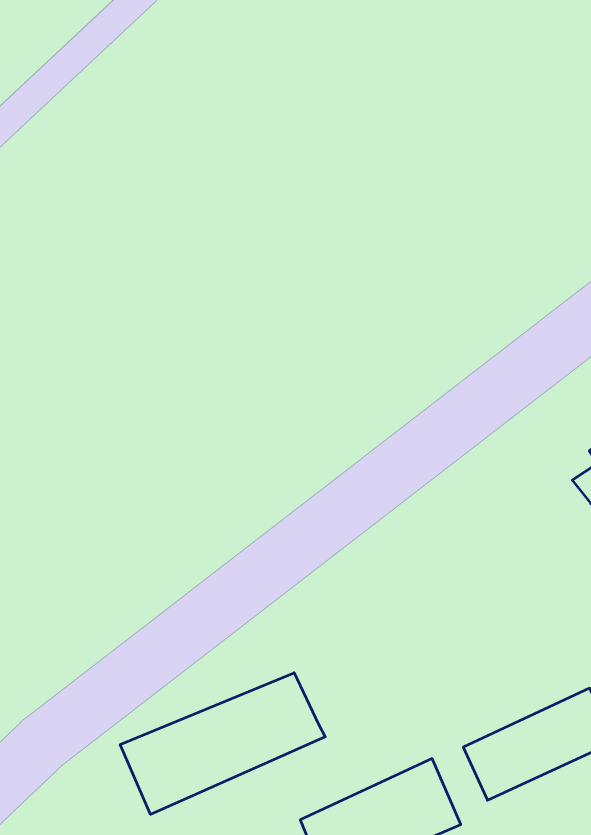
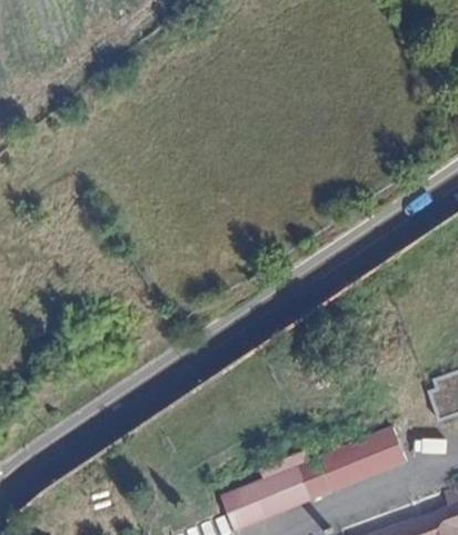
building: [120,673,325,814] -> none

